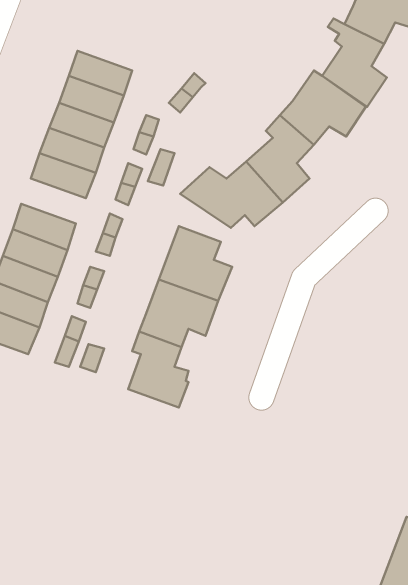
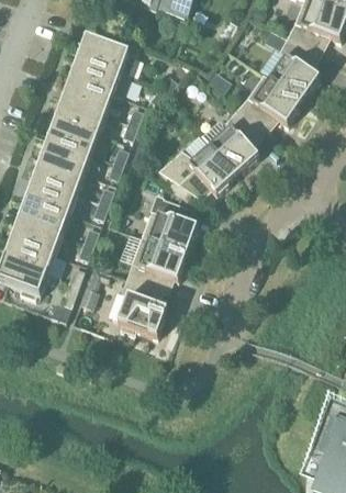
building: none -> [78,29,138,76]
building: none -> [34,158,85,193]

